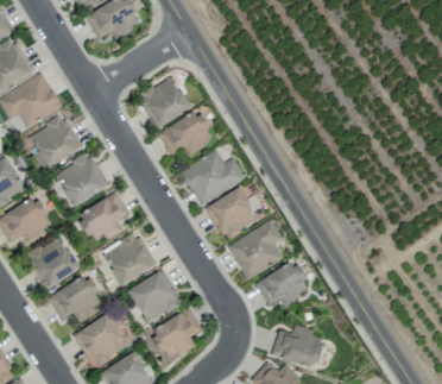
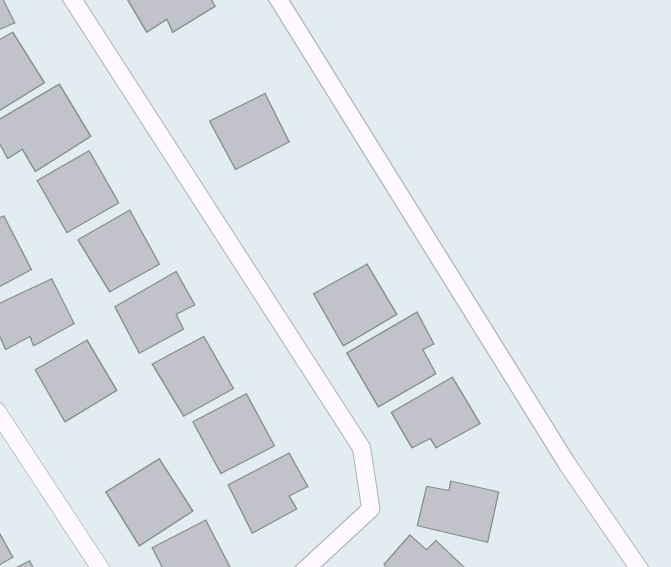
building: [159,111,215,155] -> none
building: [181,150,246,204] -> none
building: [48,275,105,320] -> none

